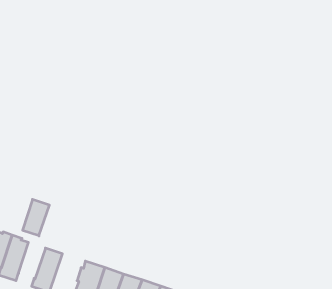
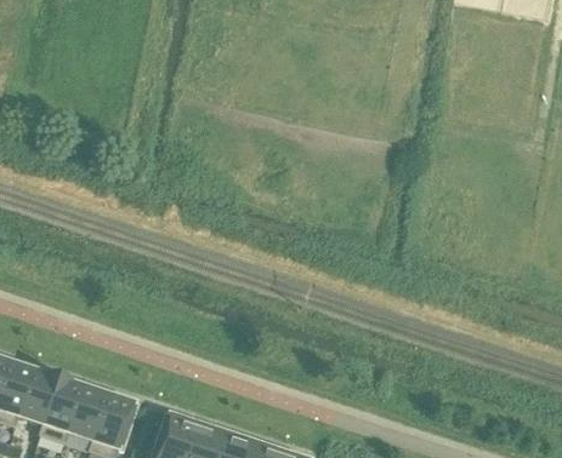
building: [23,199,49,236] -> [72,385,112,440]

